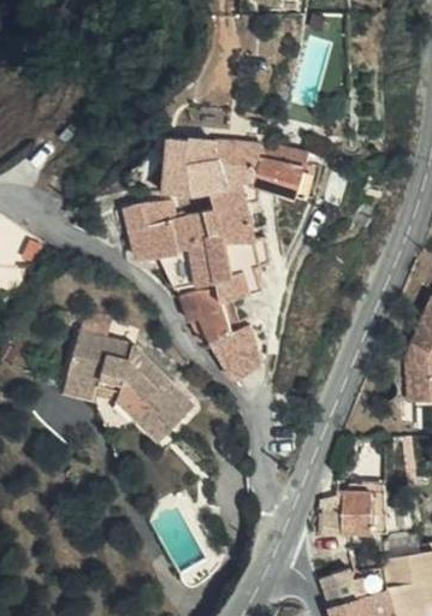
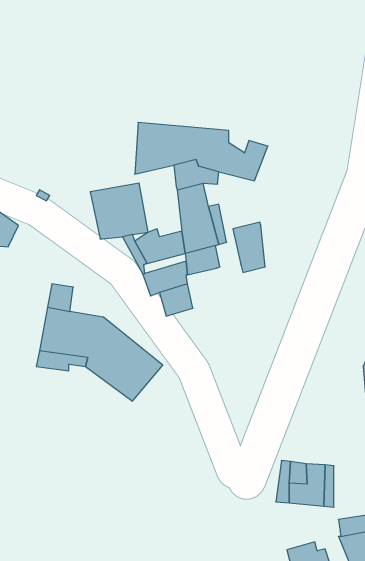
building: [179,201,214,255] -> [233,222,265,272]
building: [197,327,251,379] -> none

